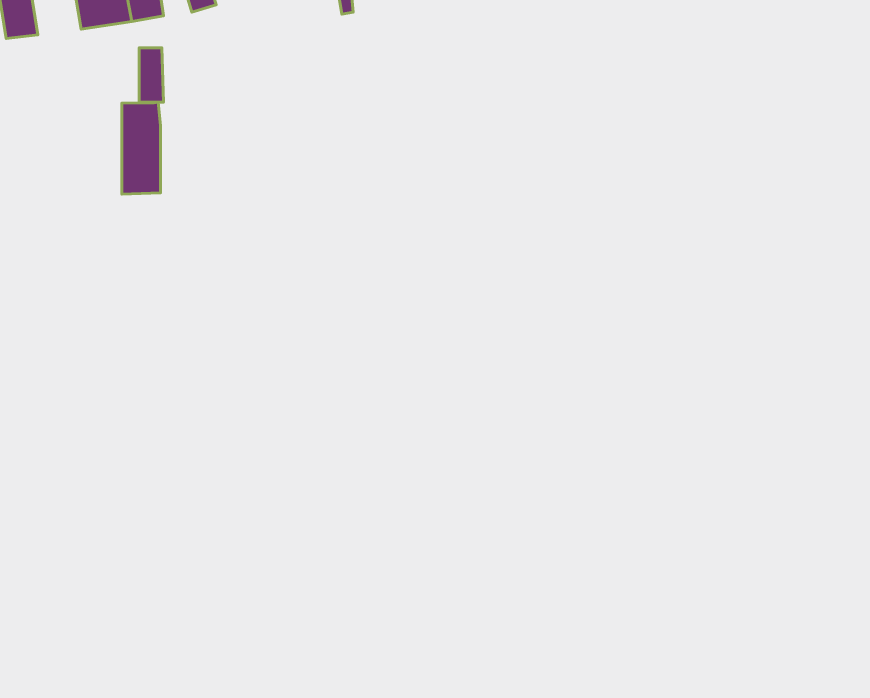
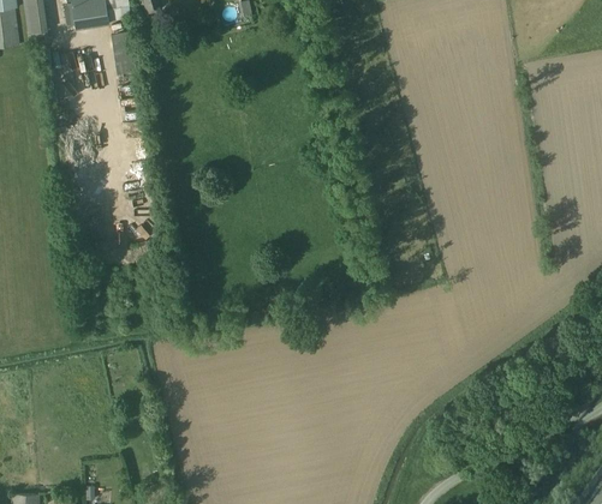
building: [122,102,161,194] -> none

